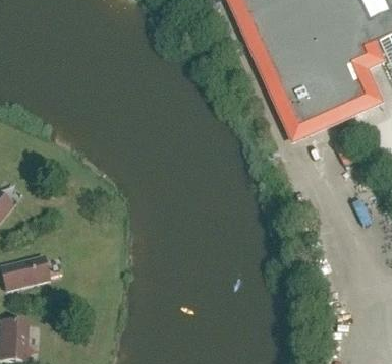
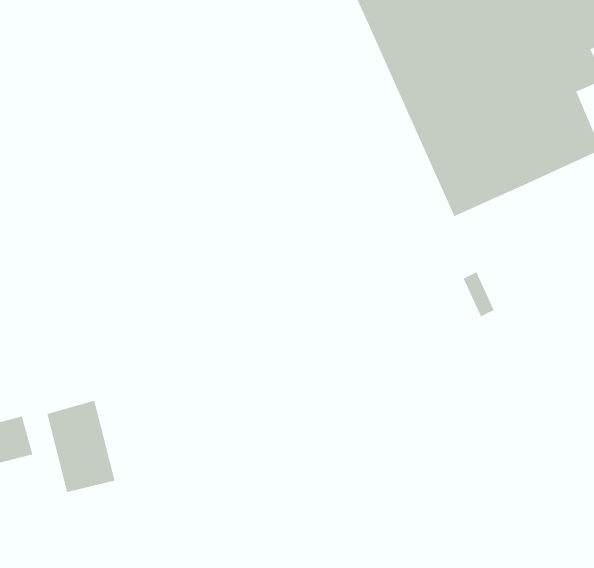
building: none -> [47,400,115,493]

